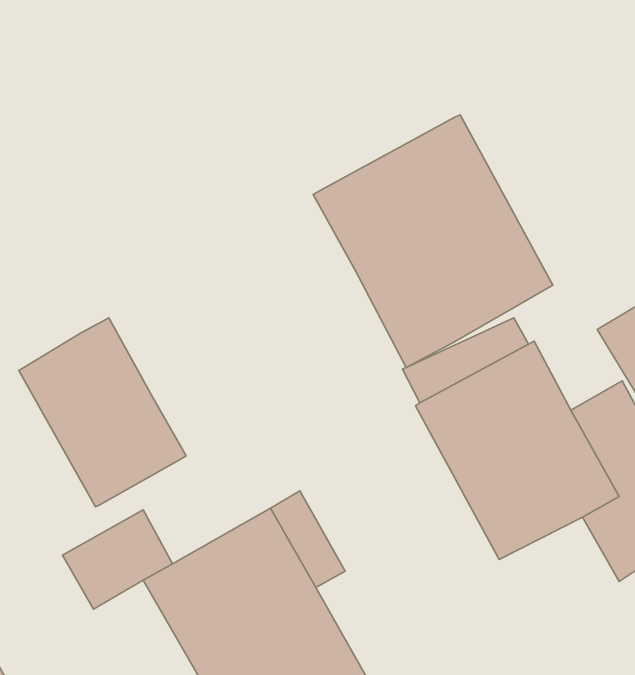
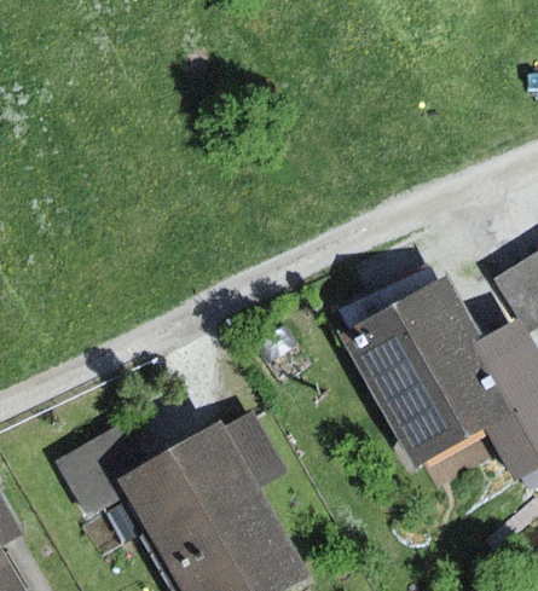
building: [313,115,553,367] -> none
building: [19,318,186,507] -> none

